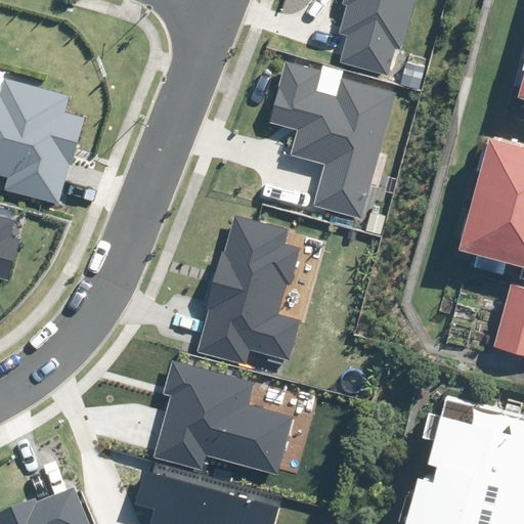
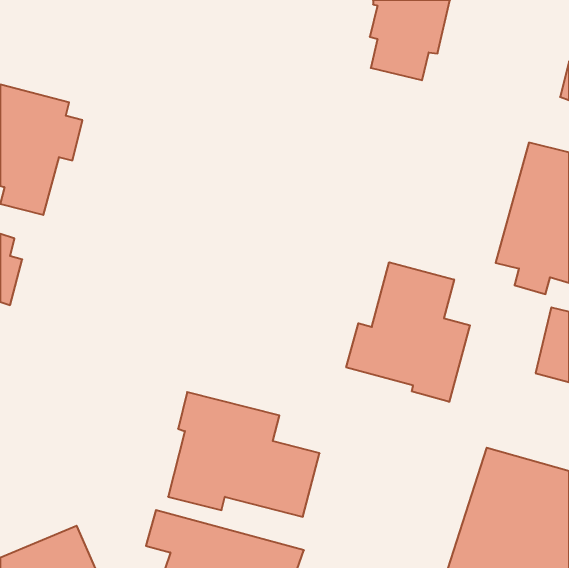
building: [270,62,394,220] -> none
building: [196,214,303,365] -> none
building: none -> [346,262,470,402]

